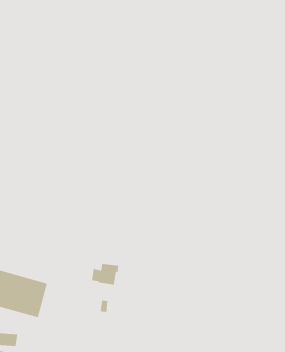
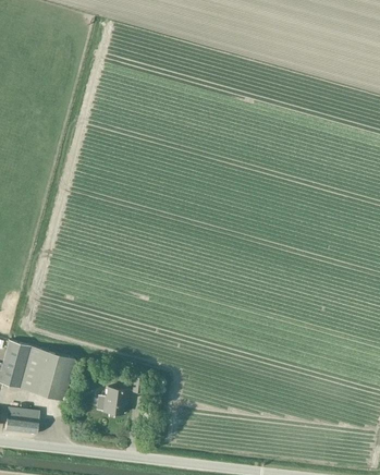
building: [91,263,119,285] -> [96,389,128,415]

